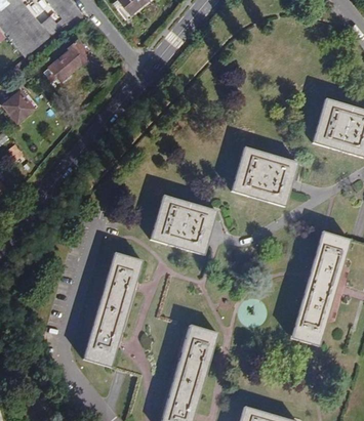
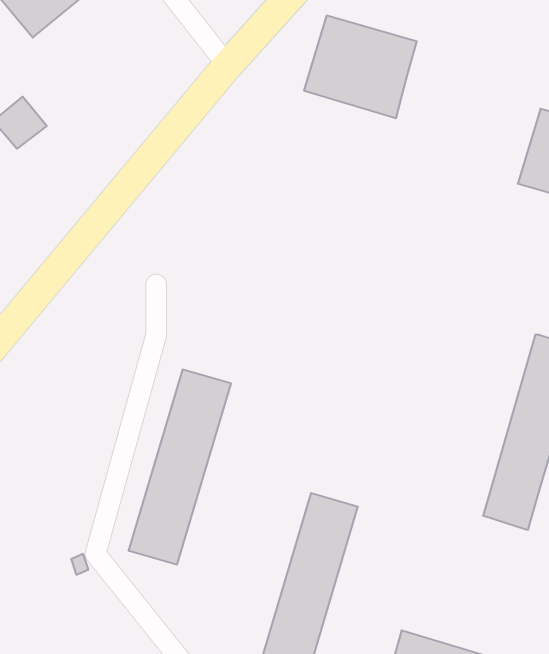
building: [48,39,90,80] -> none
building: [231,146,297,207] -> [304,16,417,118]
building: [150,195,216,255] -> none

